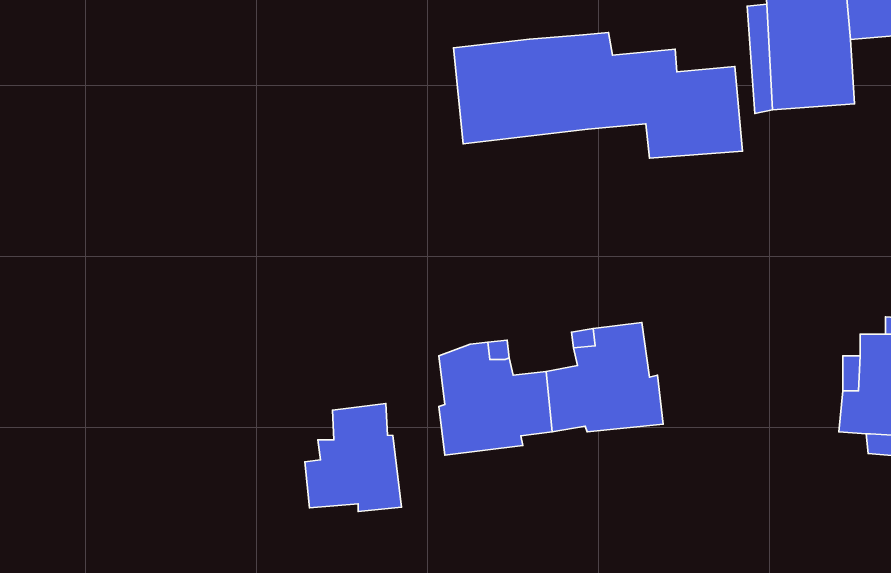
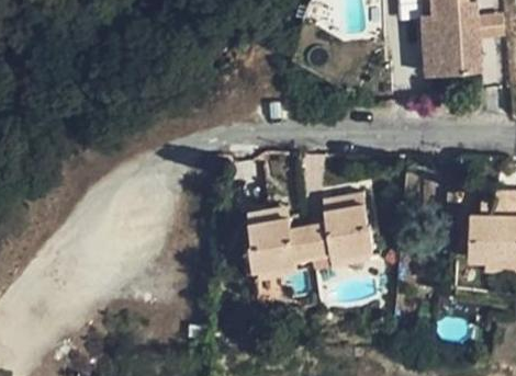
building: [453,33,743,158] -> none
building: [305,403,401,512] -> none

